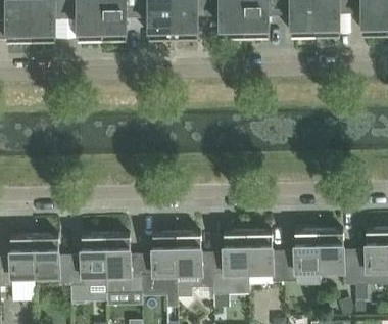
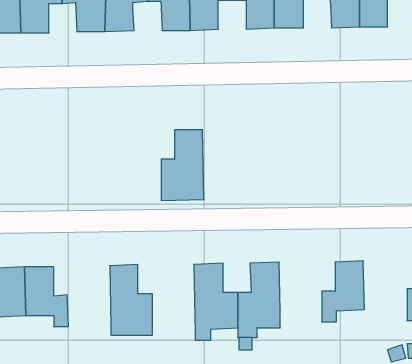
building: [318,230,354,284] -> none
building: [247,231,283,281] -> none
building: [141,233,177,292] -> [161,130,204,201]
building: [69,234,106,304] -> none

